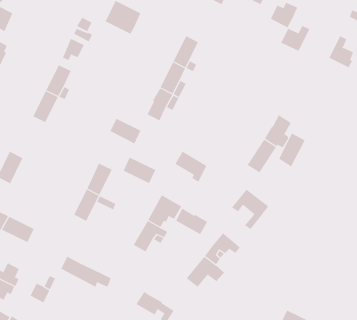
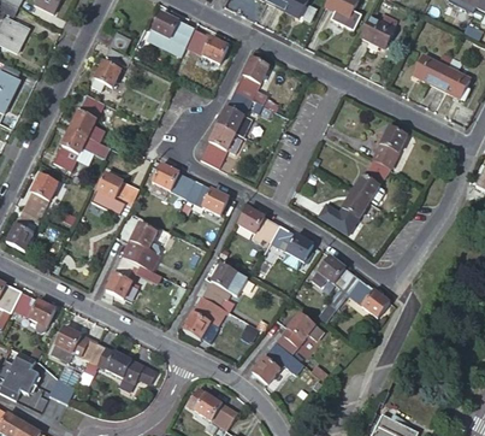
building: none -> [185,28,227,63]
building: [280,25,310,51] -> [413,52,451,86]
building: none -> [90,172,138,214]
building: none -> [23,173,58,216]
building: [279,133,306,167] -> [372,125,407,170]
building: [123,157,156,184] -> [185,179,229,214]
building: none -> [348,278,389,317]
building: [175,208,208,235] -> [271,225,313,260]
building: none -> [55,325,97,365]

